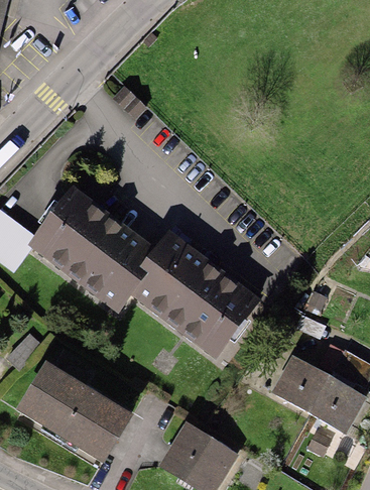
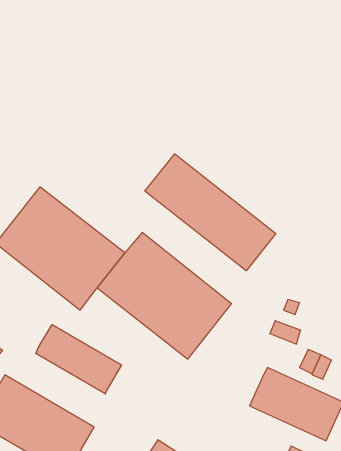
building: none -> [145,154,276,271]
building: none -> [36,325,122,394]

